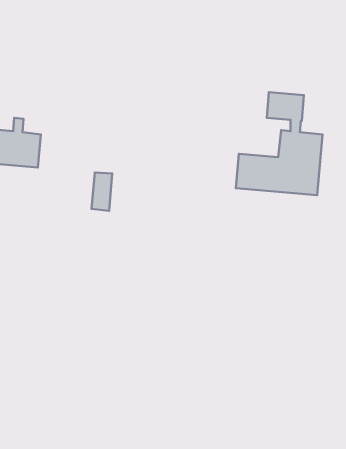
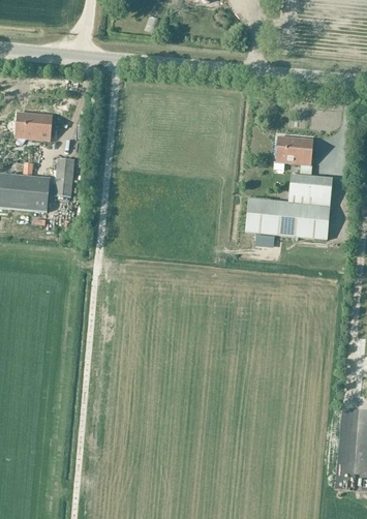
building: none -> [16,112,54,140]
building: [92,173,112,211] -> [55,158,75,196]

